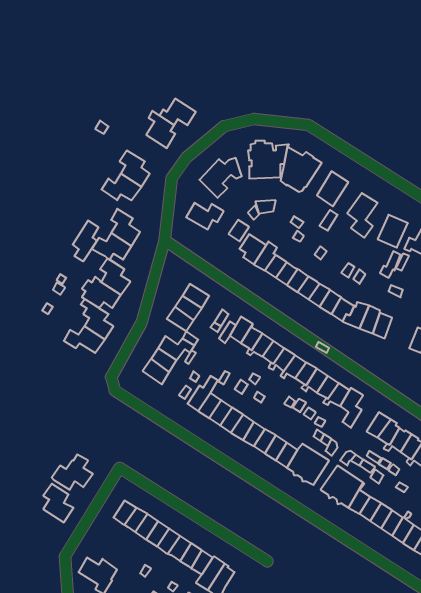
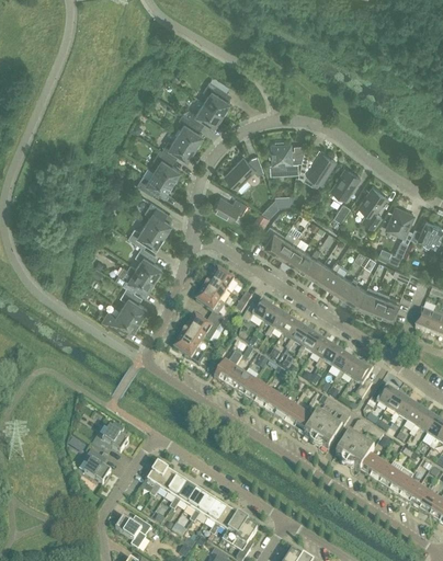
building: none -> [204,78,230,112]
building: none -> [160,133,196,157]
building: [73,220,98,261] -> none

